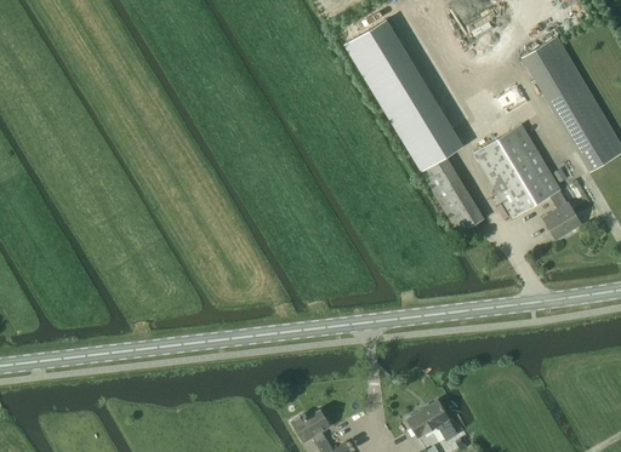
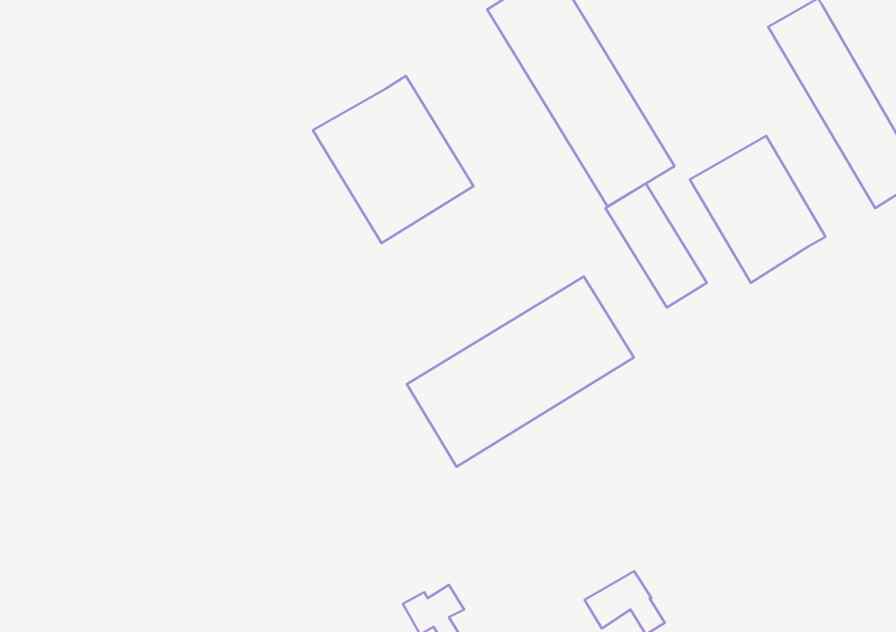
building: none -> [313,76,474,243]
building: [545,189,581,239] -> none
building: none -> [407,277,634,467]

